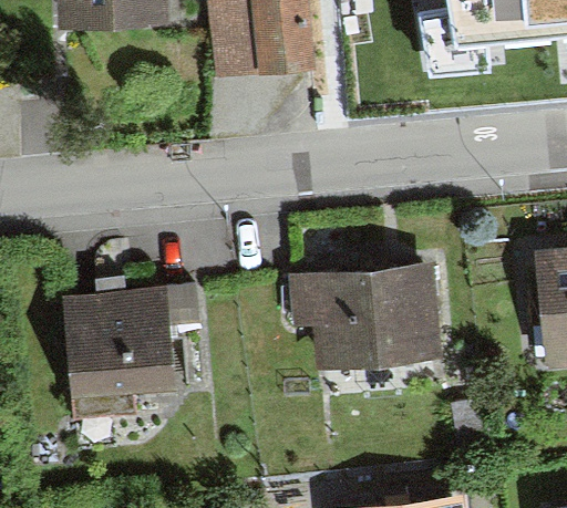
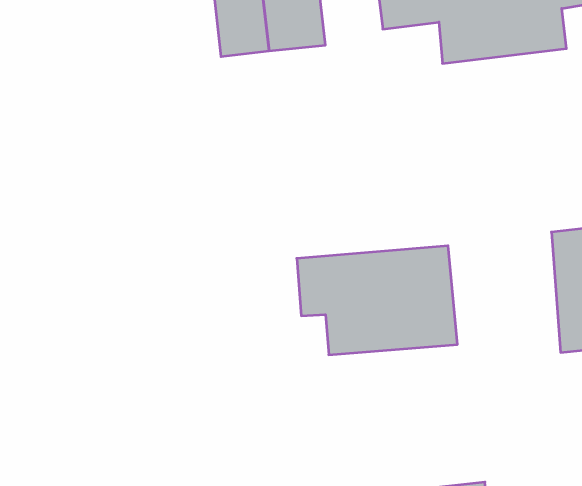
building: [64,283,202,423] -> none

